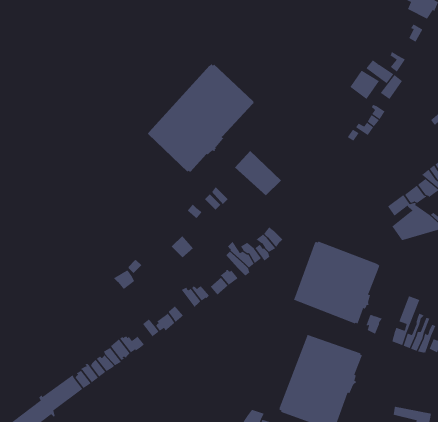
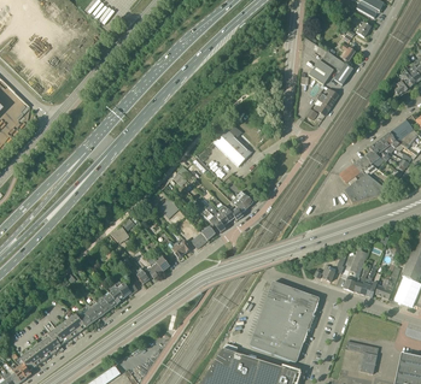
building: [147,63,255,173] -> none
building: [293,241,381,324] -> none

